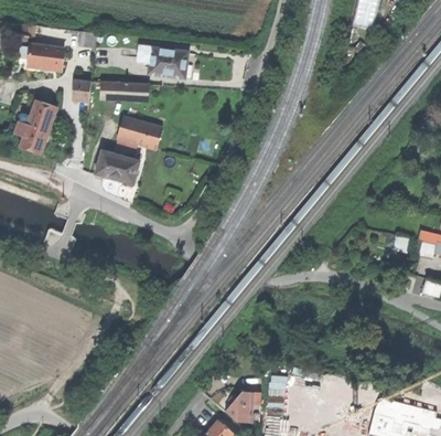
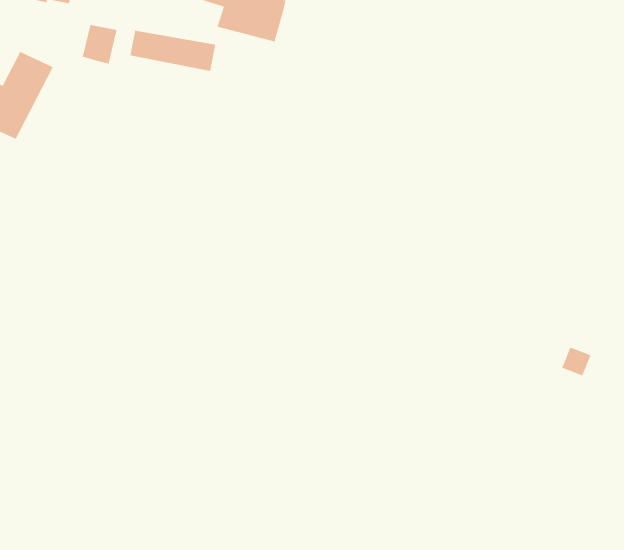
building: [117,117,162,149] -> none
building: [95,150,139,184] -> none

